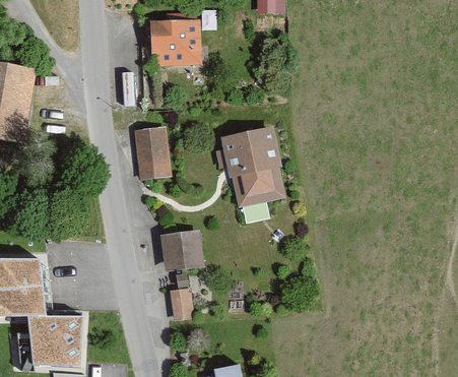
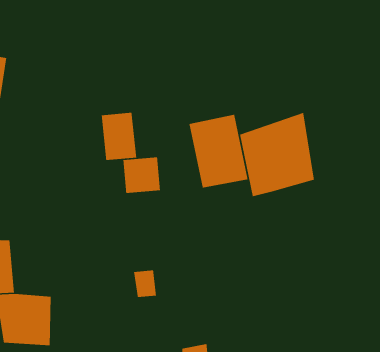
building: [152,20,200,63] -> none
building: none -> [239,112,315,197]
building: [162,232,202,270] -> [122,156,161,194]

